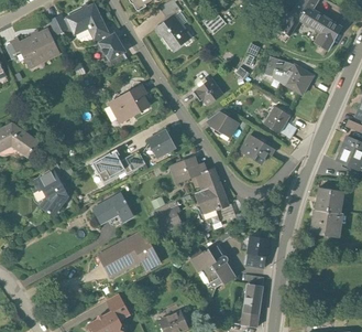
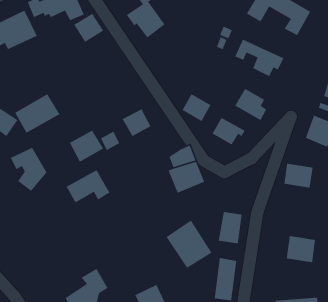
building: [190,81,221,110] -> none
building: [107,83,154,125] -> [14,93,60,134]
building: [166,156,207,185] -> none
building: [309,206,340,235] -> [286,235,316,263]
building: [96,234,158,279] -> none

